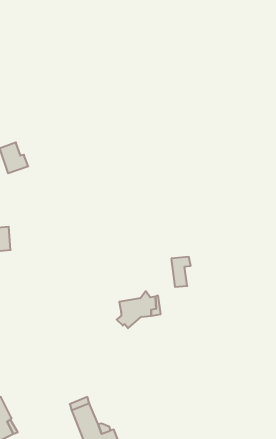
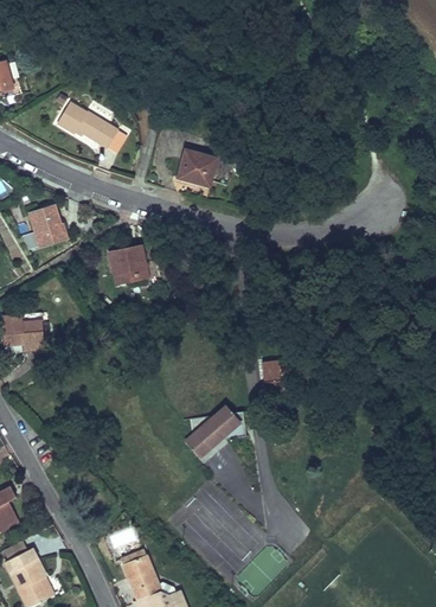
building: none -> [56,102,117,146]
building: none -> [174,148,213,185]
building: none -> [105,244,148,286]

